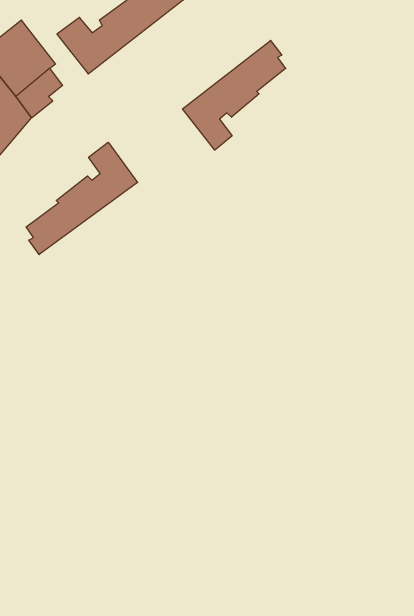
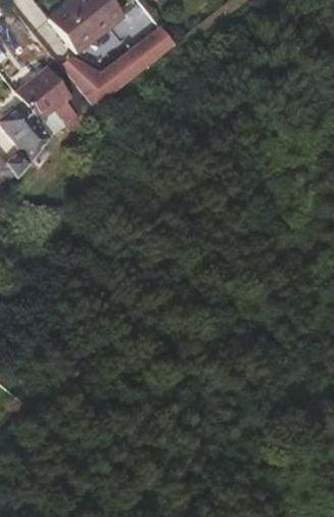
building: [183,40,286,150] -> none
building: [26,142,138,255] -> none

